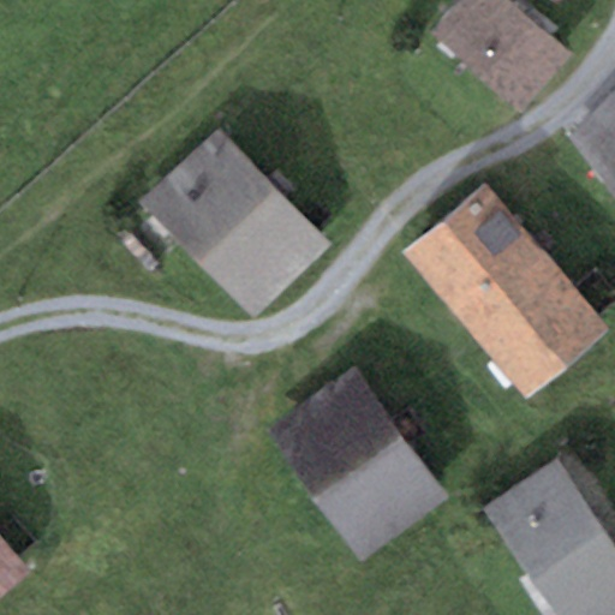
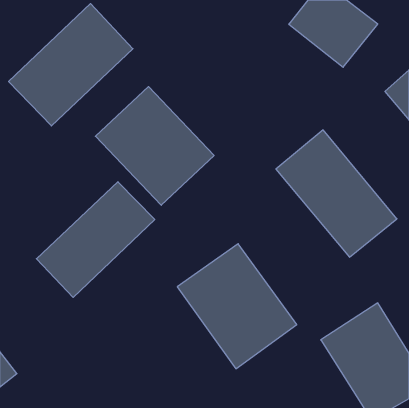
building: none -> [9,4,133,126]
building: none -> [36,182,155,297]

